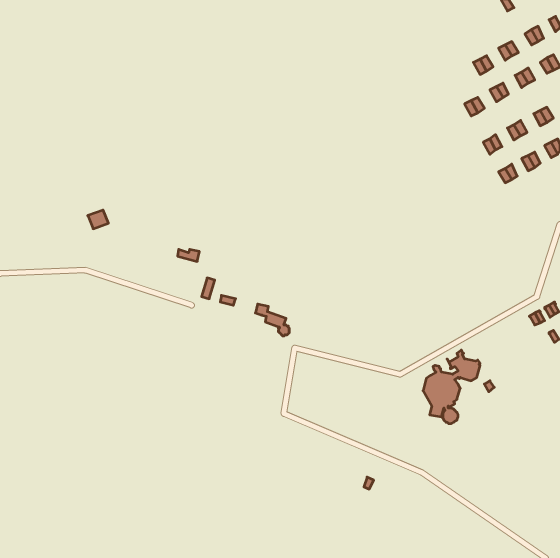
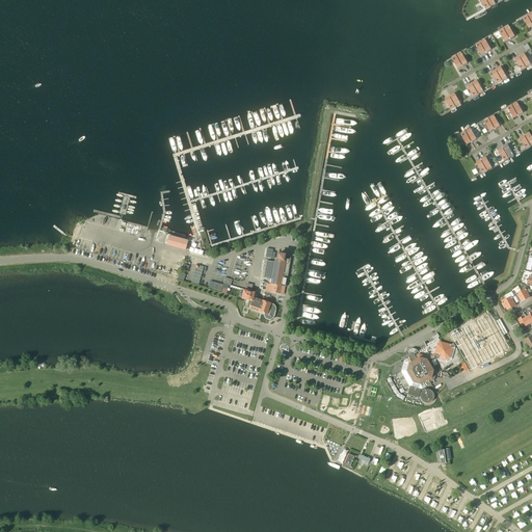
building: none -> [264,254,290,293]

